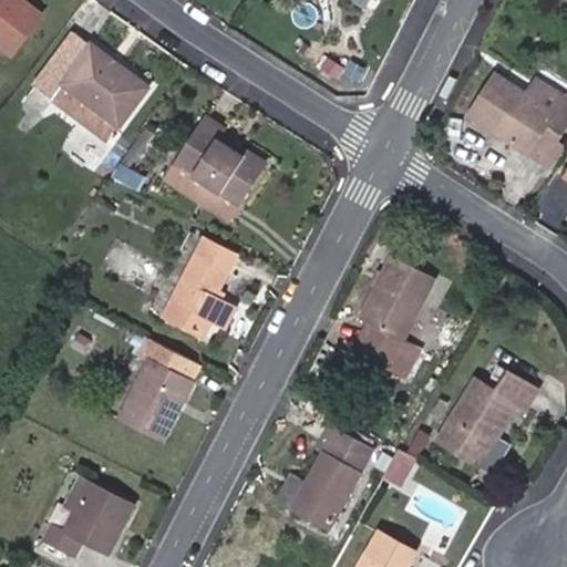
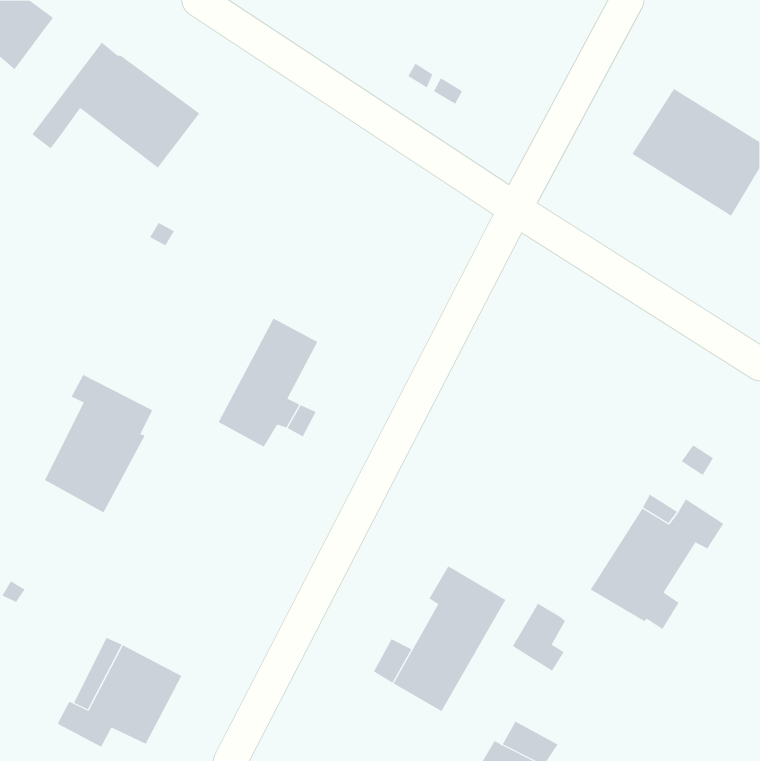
building: [45,82,117,145] -> none
building: [163,116,266,221] -> none
building: [357,255,436,378] -> none
building: [118,337,199,440] -> [44,374,153,513]

